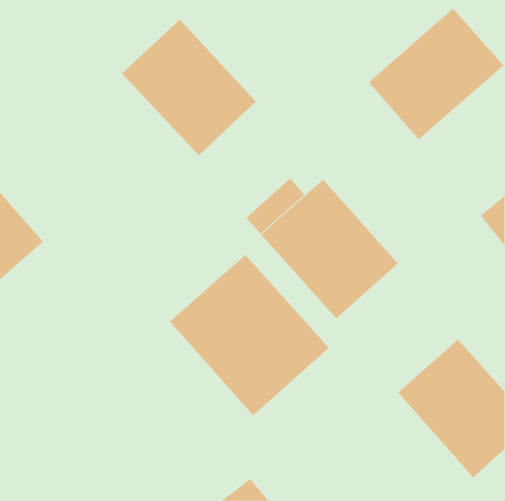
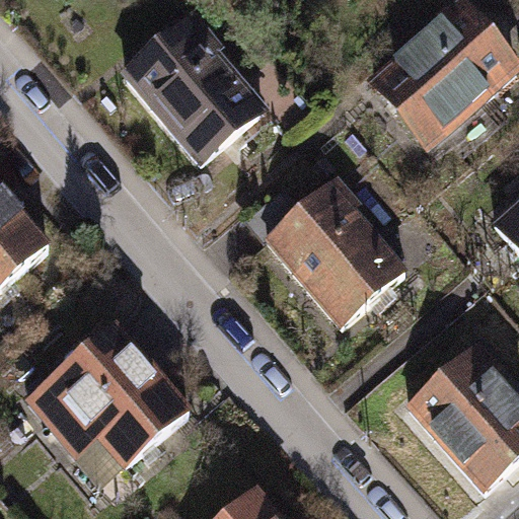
building: [169,254,330,416] -> none
building: none -> [27,322,191,467]

